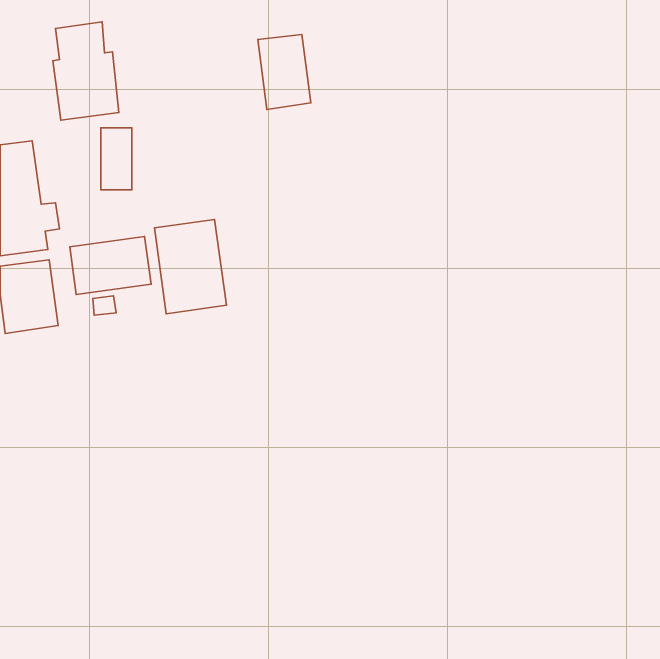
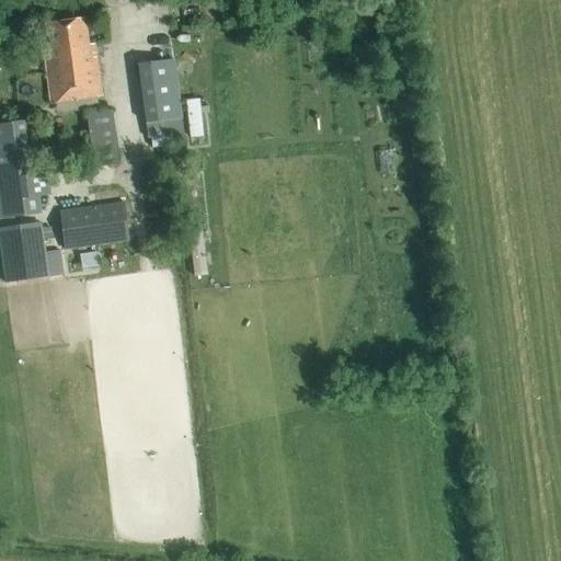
building: [258,34,311,109] -> [137,59,182,123]
building: [154,219,226,314] -> none

